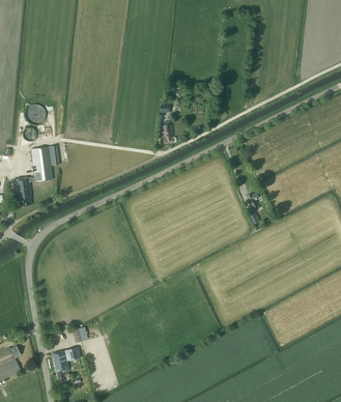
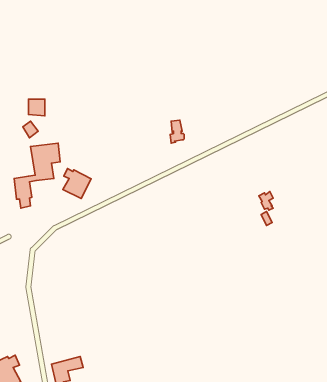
building: none -> [63,169,91,198]

